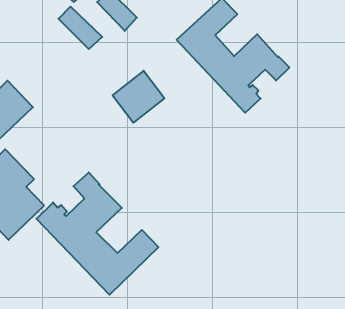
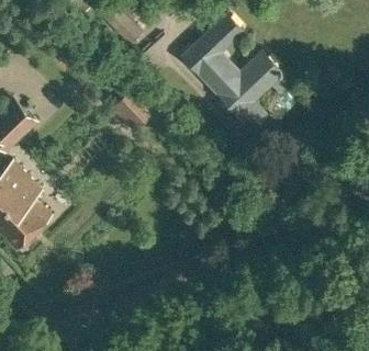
building: [58,7,102,49] -> none
building: [36,172,158,295] -> none

